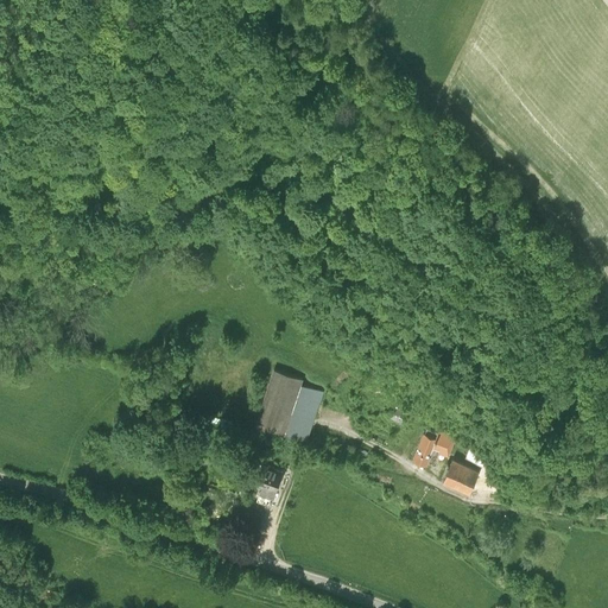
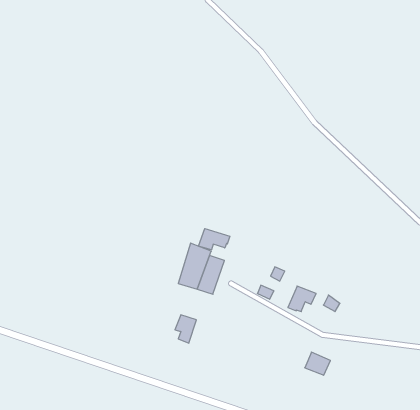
building: none -> [199,229,230,250]
building: [443,461,480,494] -> [305,352,330,375]

